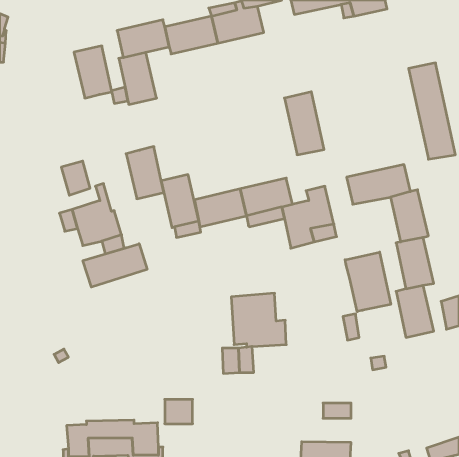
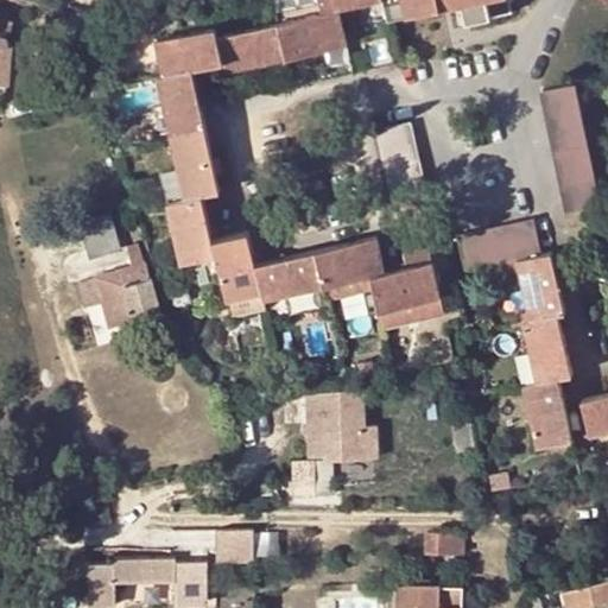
building: [74,46,112,98] -> [170,133,220,202]
building: [83,244,147,287] -> none
building: [345,252,391,312] -> none

